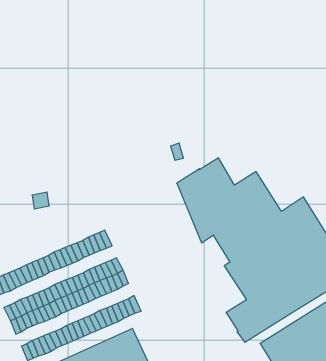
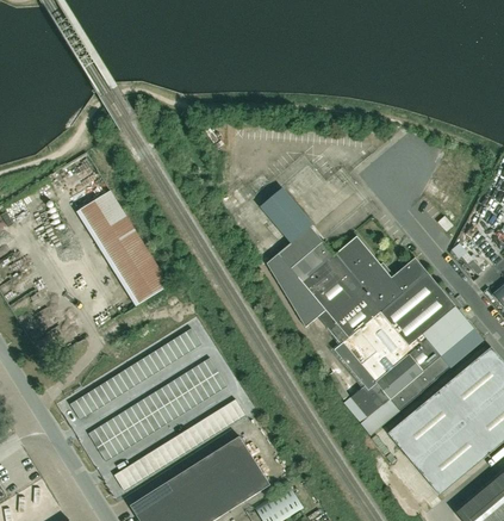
building: none -> [76,190,169,305]
building: none -> [261,187,313,243]

